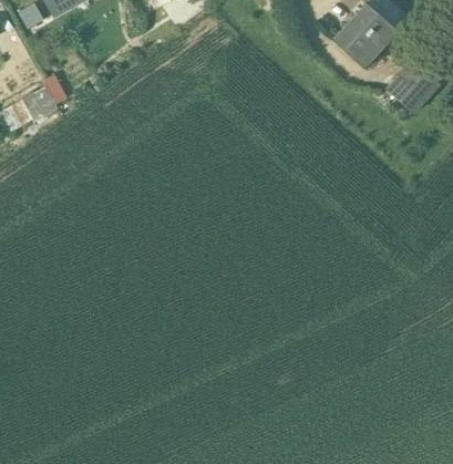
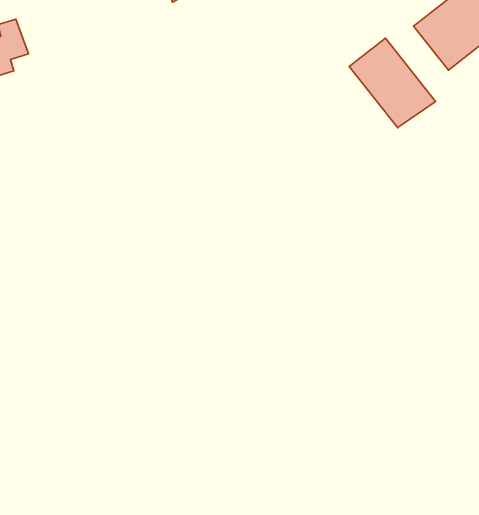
building: none -> [349,38,436,128]

